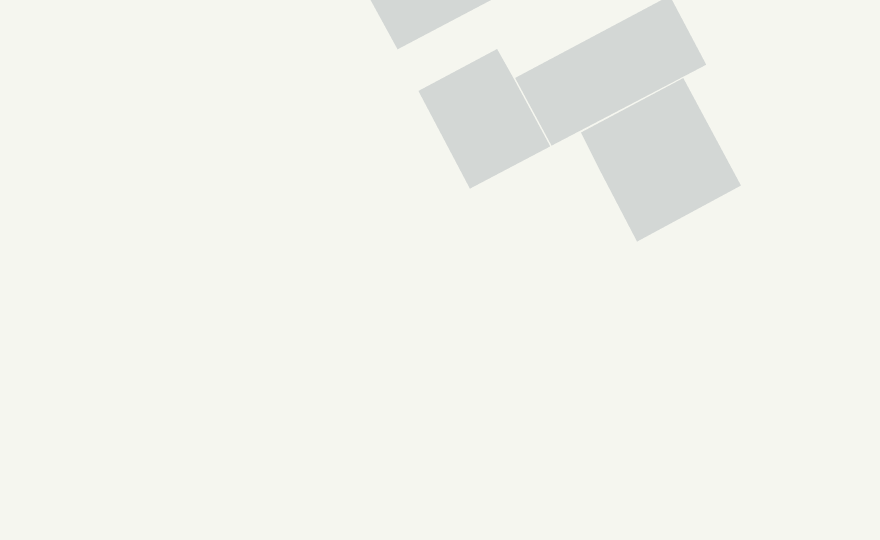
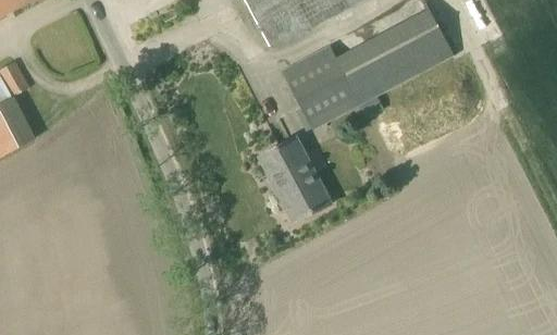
building: [580,77,742,242] -> none
building: none -> [260,138,330,222]

